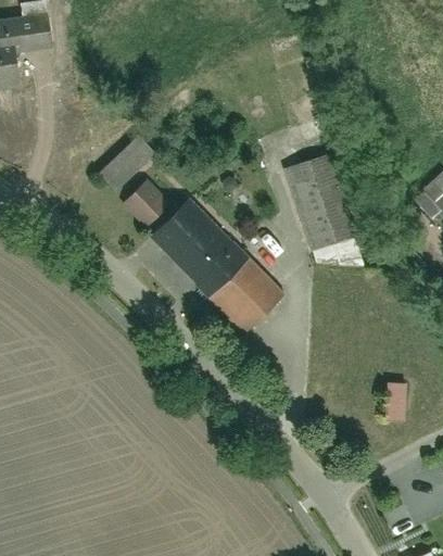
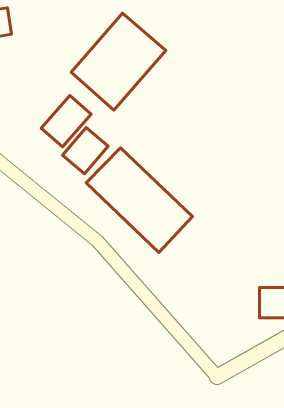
building: none -> [71,13,166,110]
building: [279,151,369,258] -> none

